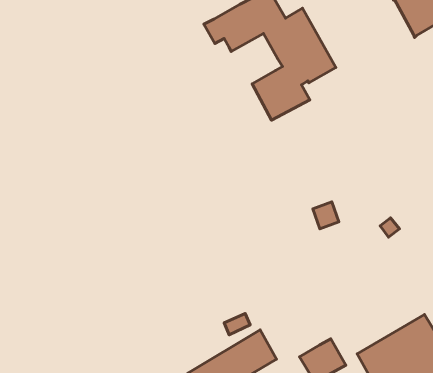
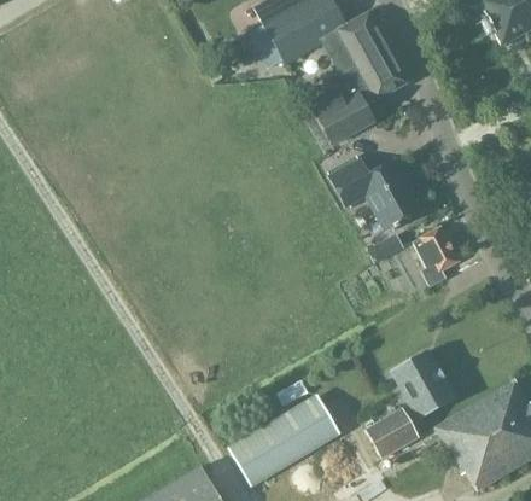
building: none -> [328,157,424,231]
building: none -> [415,225,462,289]
building: none -> [391,350,455,419]

